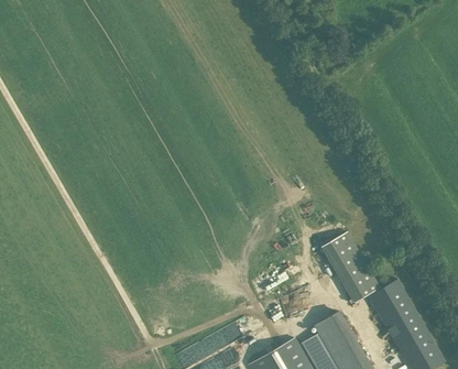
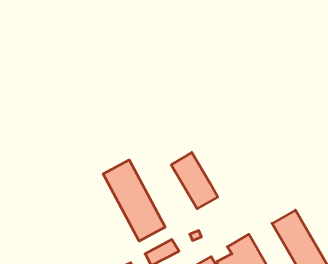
building: none -> [103,160,165,241]
building: [323,232,380,302] -> [171,152,218,209]

